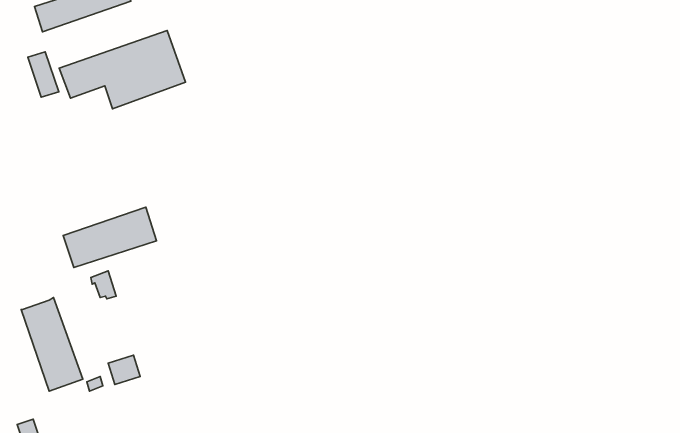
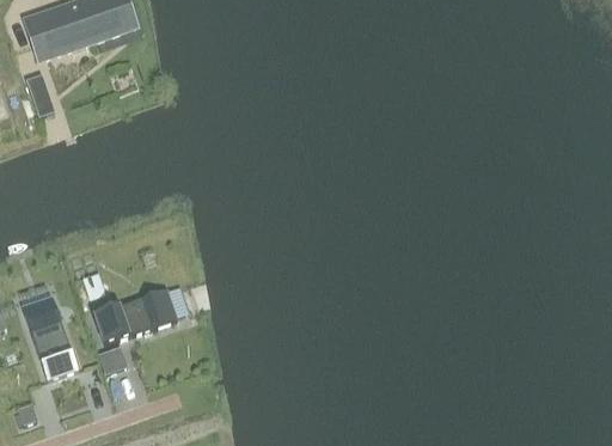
building: [59,30,186,109] -> none
building: [63,207,157,267] -> [93,288,177,342]

